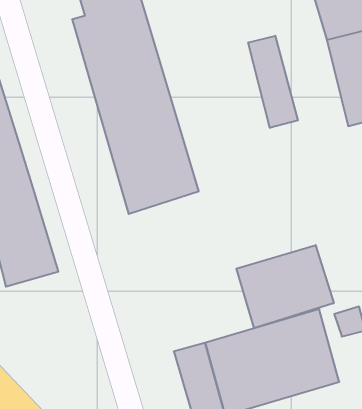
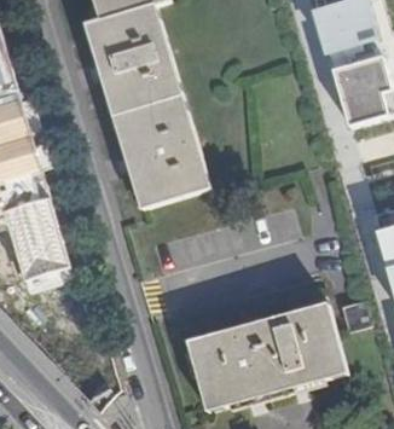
building: [248,36,298,128] -> none
building: [236,245,334,328] -> none

